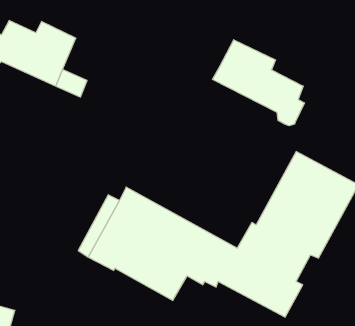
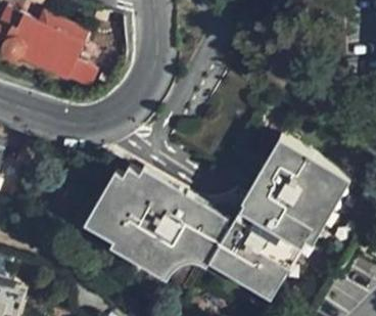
building: [213,40,305,126] -> none

